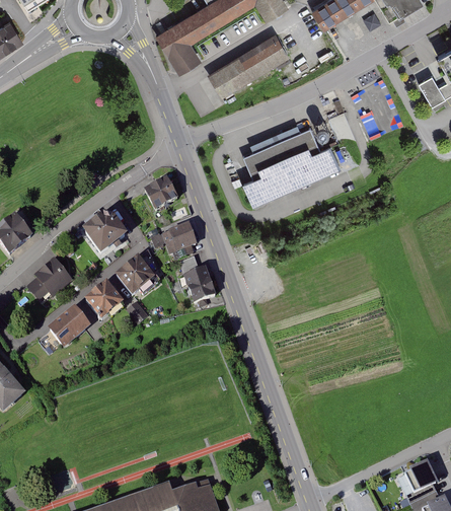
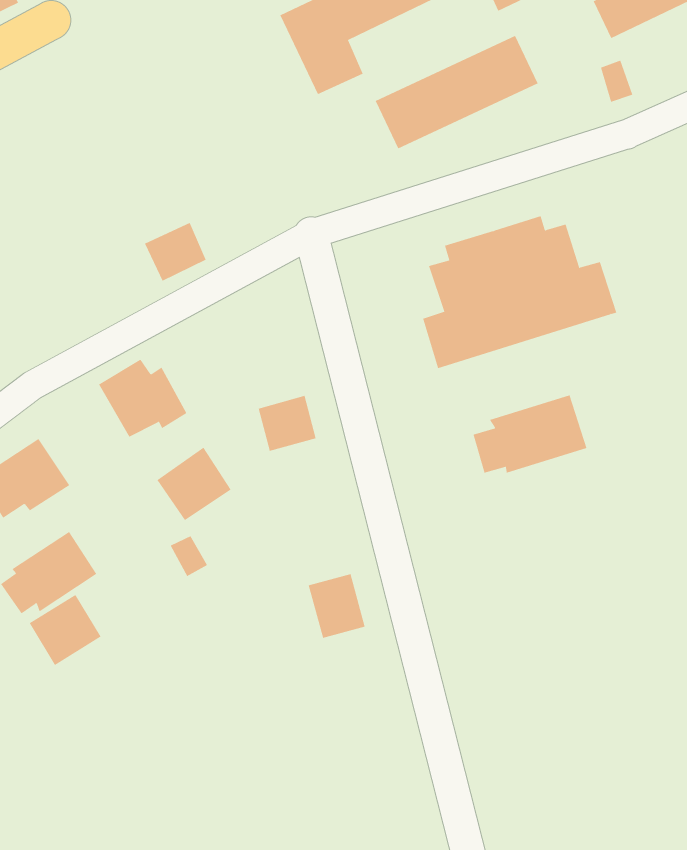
building: [145,178,177,210] -> [144,222,206,281]
building: none -> [473,394,587,474]
building: [184,268,216,302] -> [308,573,366,638]
building: [85,284,123,321] -> [29,594,102,666]

